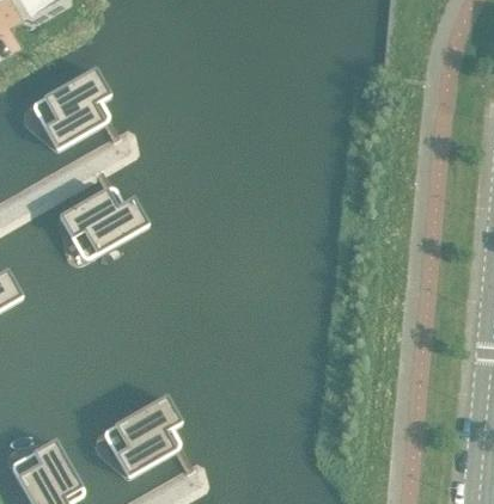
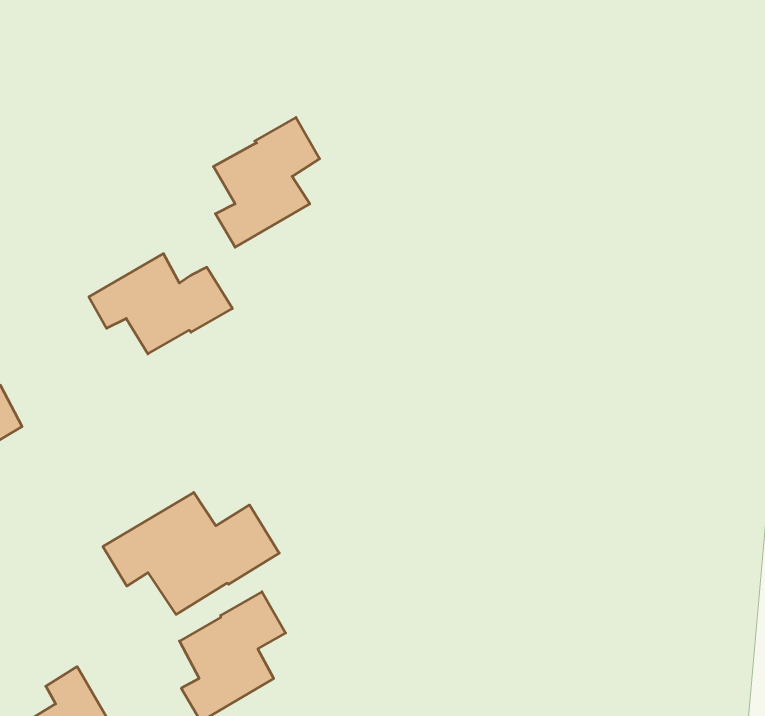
building: [41,69,105,148] -> [213,117,320,247]
building: none -> [103,492,279,614]

